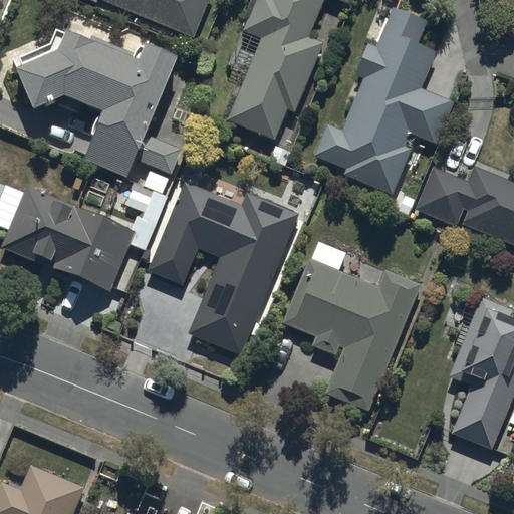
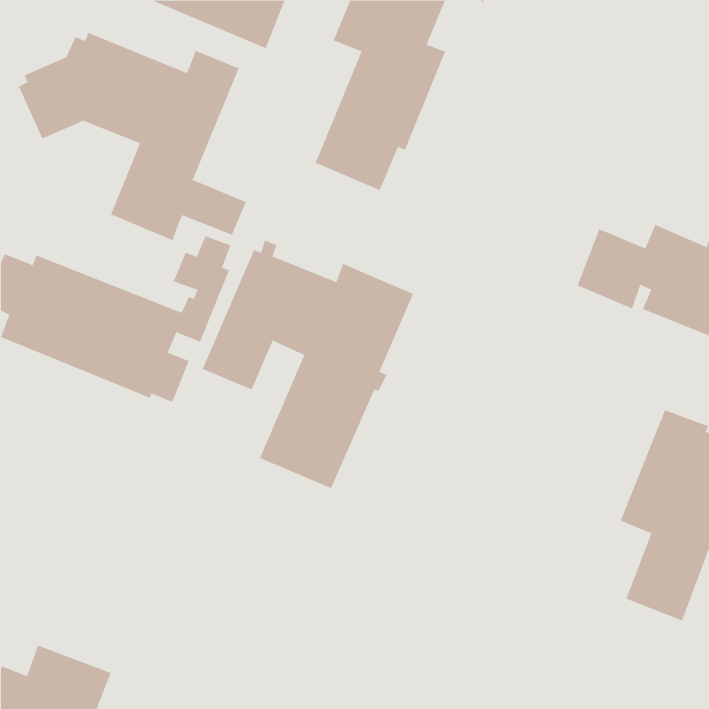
building: [315,6,453,197] -> none
building: [282,240,421,418] -> none

